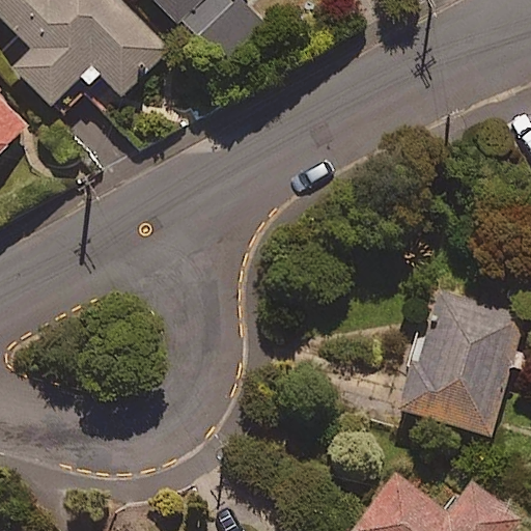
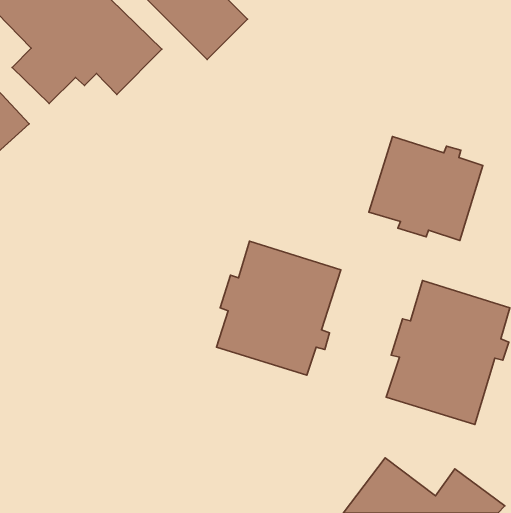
building: none -> [369,136,483,240]
building: none -> [216,241,341,375]

